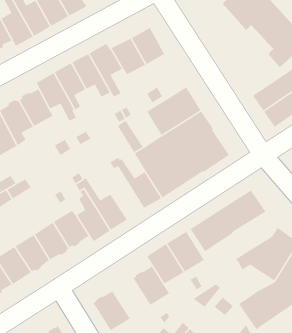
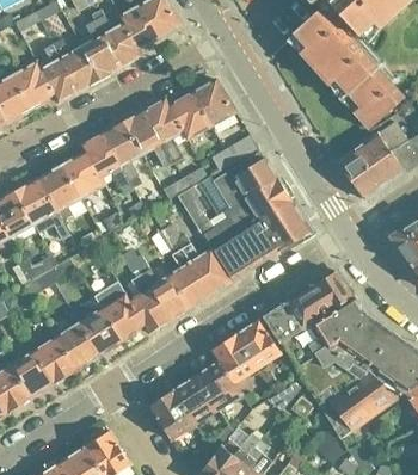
building: none -> [152,210,209,307]
building: none -> [281,297,367,369]
building: none -> [172,376,216,424]

